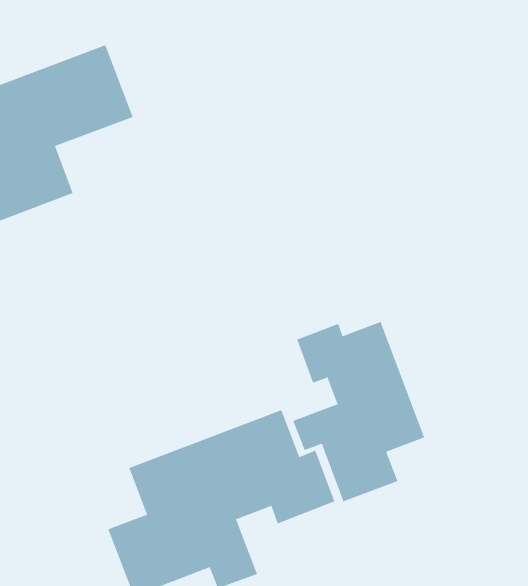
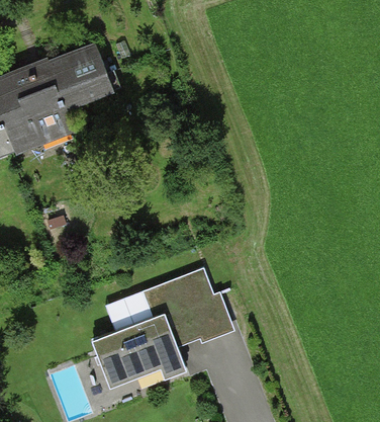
building: [292,321,425,502] -> none

